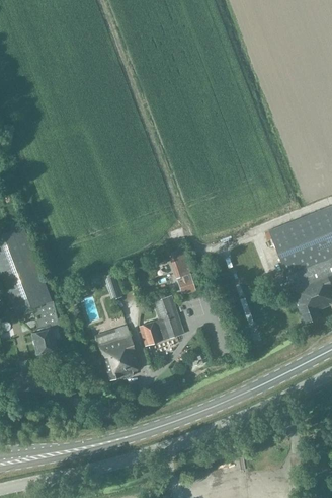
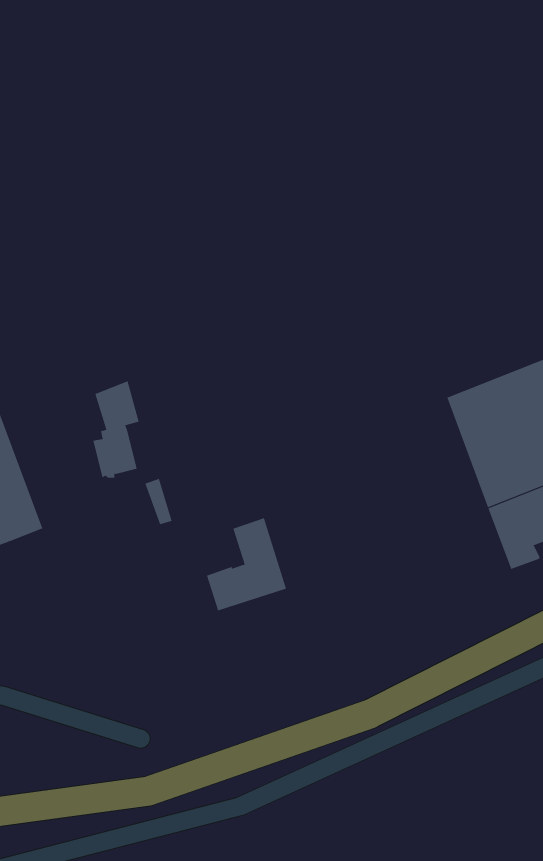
building: [168,248,195,294] -> none
building: [32,300,58,353] -> [93,381,139,478]
building: [96,326,140,379] -> none

